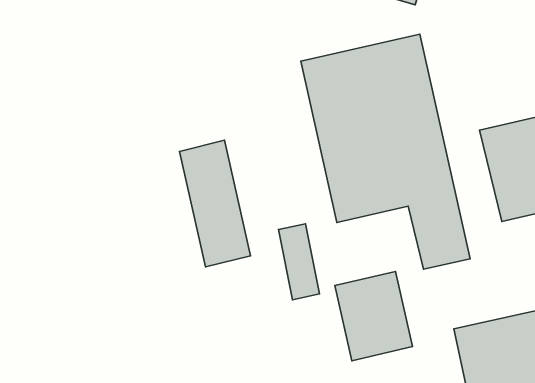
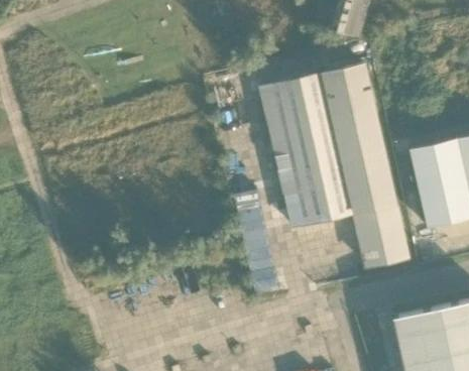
building: [179,140,250,267] -> none
building: [335,271,412,361] -> none

